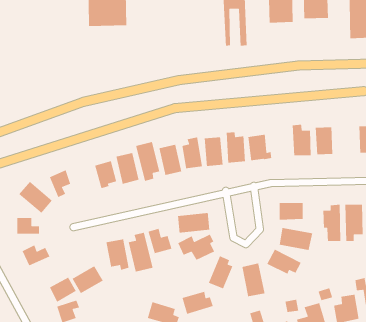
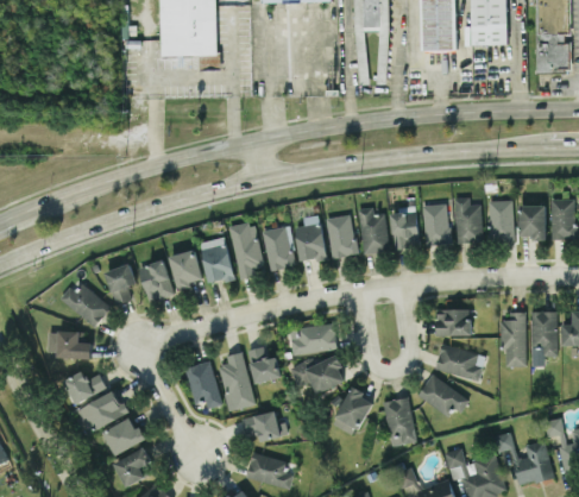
building: none -> [423,203,449,245]
building: none -> [520,205,546,240]
building: none -> [138,259,174,302]
building: [72,265,104,294] -> [80,389,126,430]
building: [182,291,214,315] -> [241,410,288,445]

